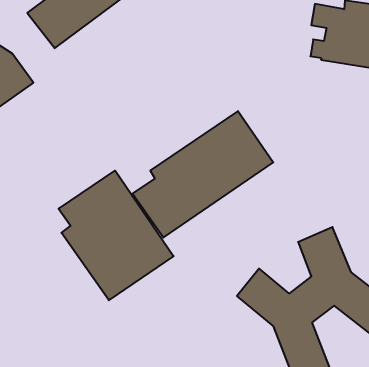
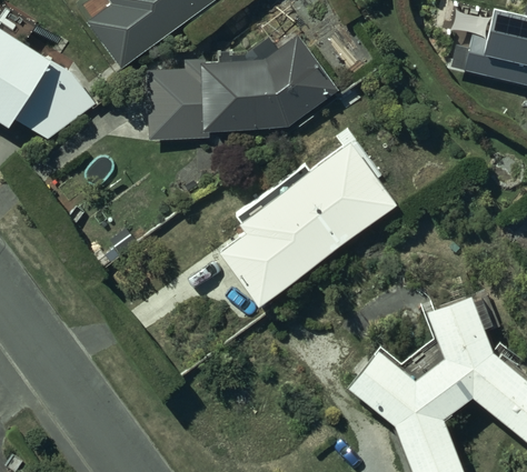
building: none -> [147,30,335,139]
building: [59,171,174,300] -> none

